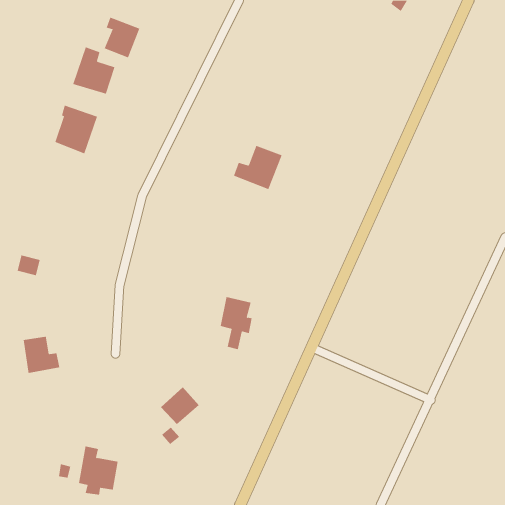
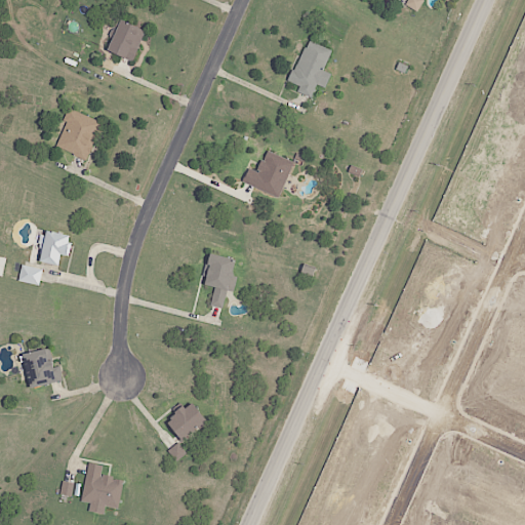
building: none -> [290,40,331,97]
building: [73,46,115,95] -> none
building: none -> [38,231,71,266]
building: [220,296,252,350] -> [203,253,237,309]

